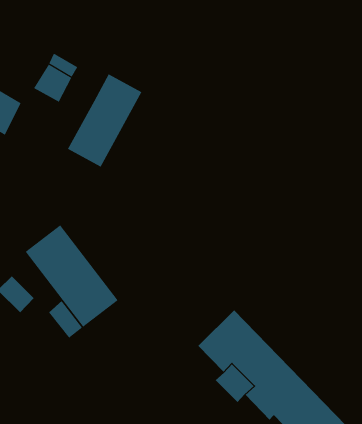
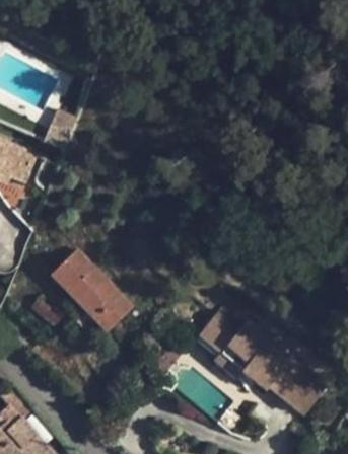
building: [67,73,142,167] -> none

